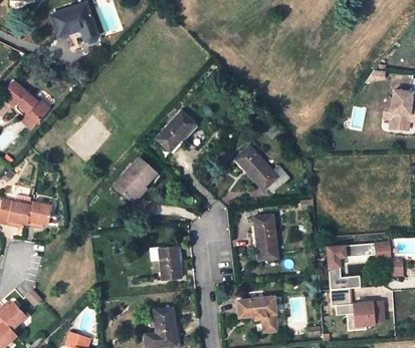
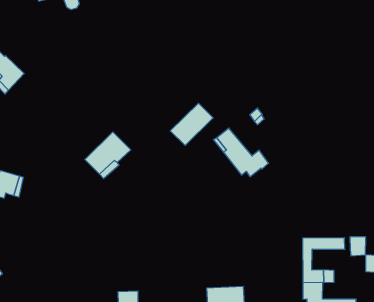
building: [156,110,196,151] -> [170,103,213,145]
building: [250,215,277,260] -> none
building: [159,247,182,280] -> none

